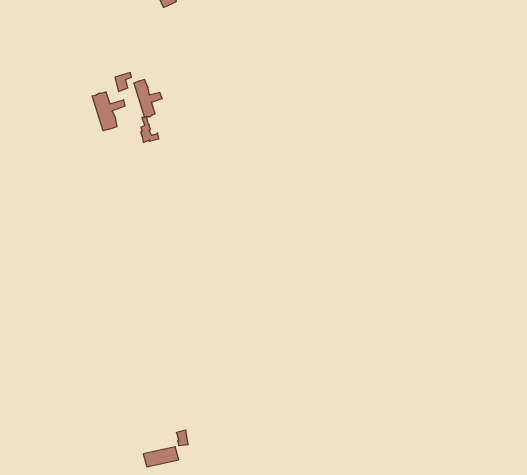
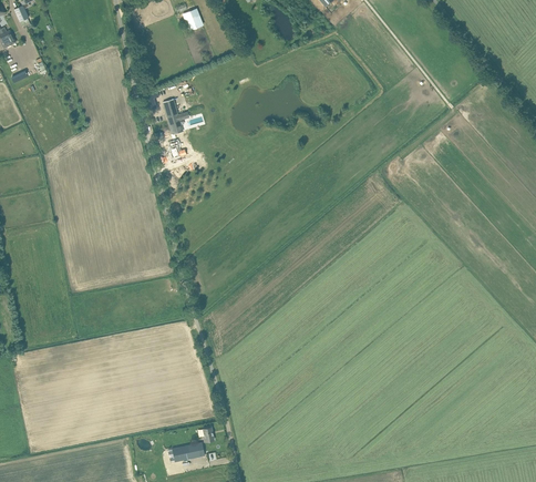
building: [92,92,125,131] -> none

